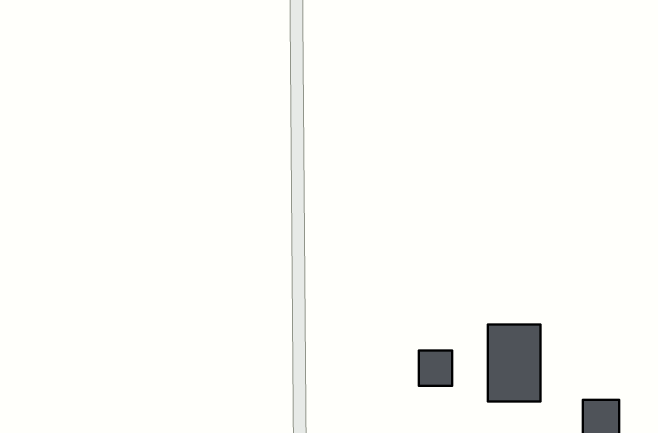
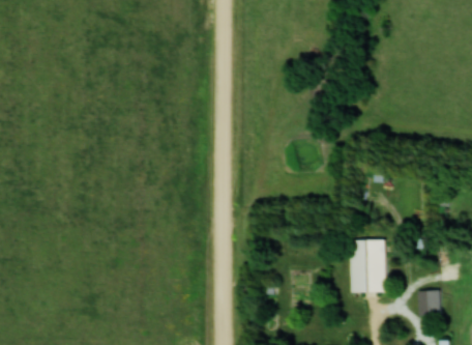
building: [419,350,452,386] -> none

